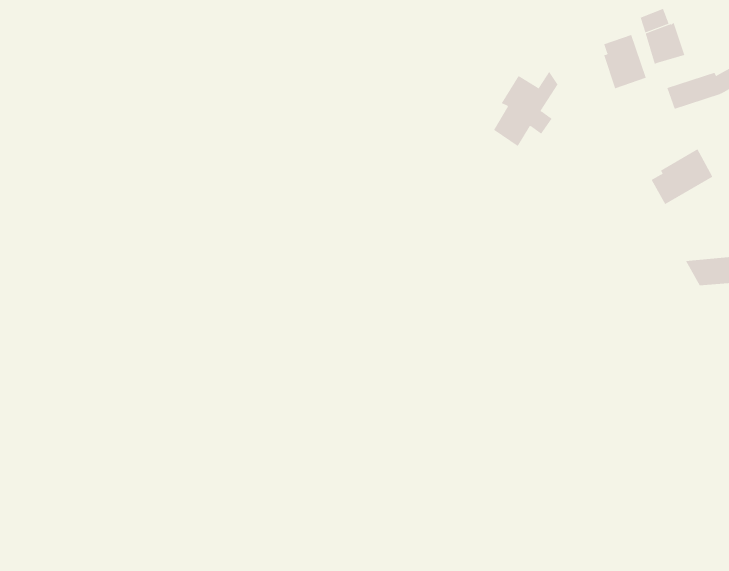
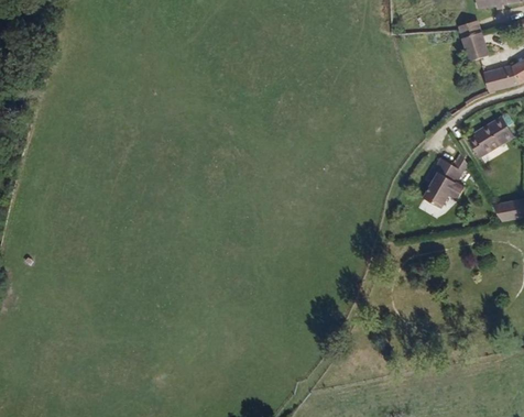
building: [603,34,646,89] -> none
building: [493,70,559,147] -> [419,155,466,209]

